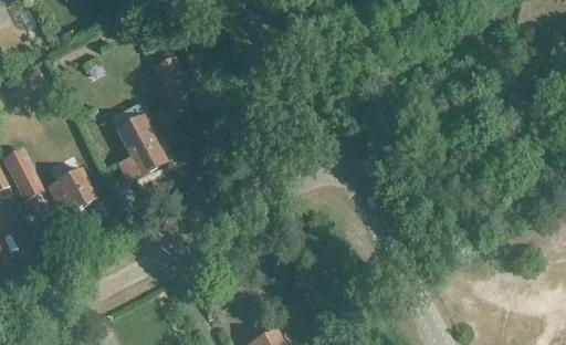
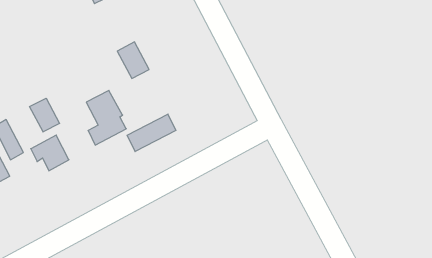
building: none -> [30,98,60,132]
building: none -> [127,114,176,152]

